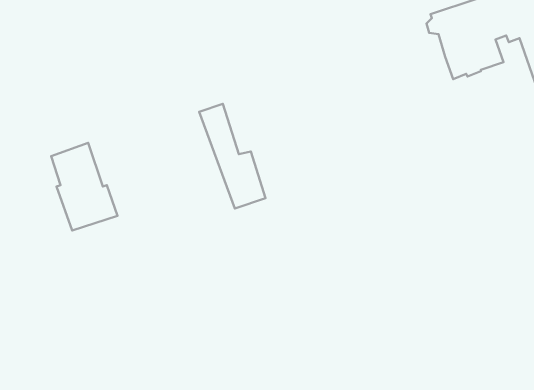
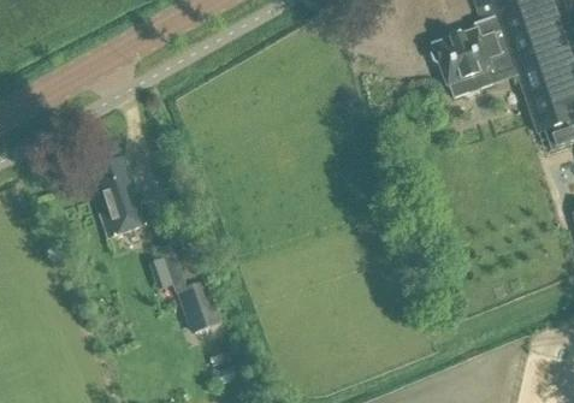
building: [199,104,265,209] -> [159,243,219,338]

